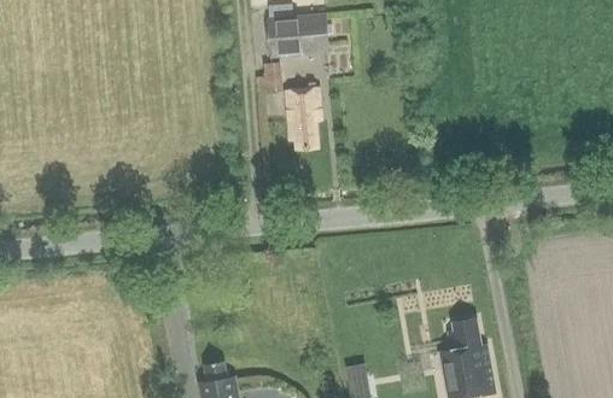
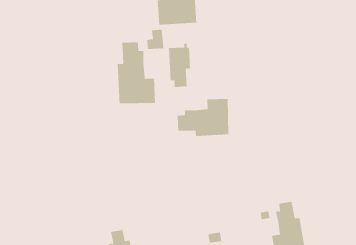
building: none -> [117,41,155,104]
building: none -> [177,98,229,137]

